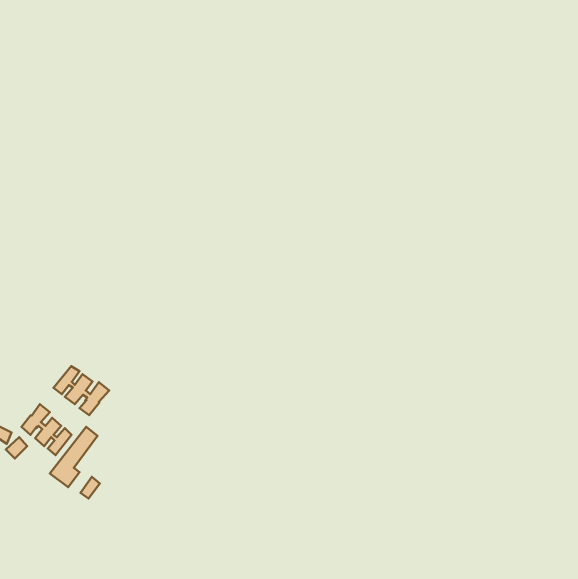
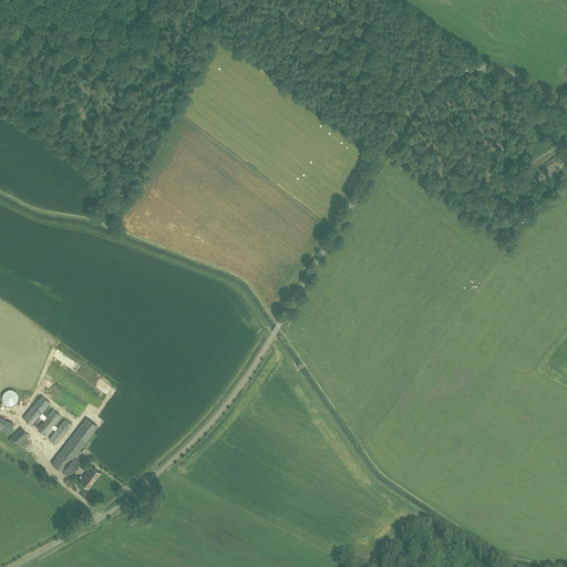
building: [53,366,109,415] -> none

